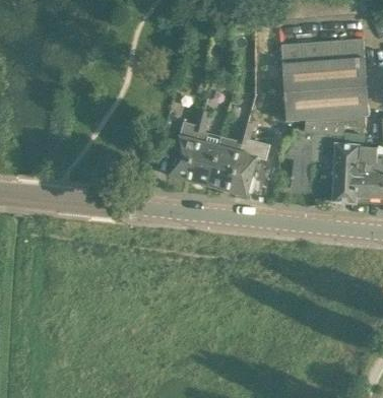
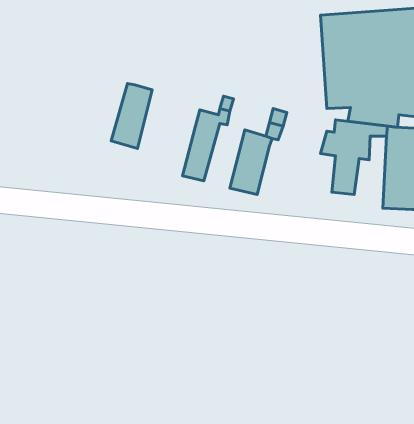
building: [185,132,218,185] -> [111,84,152,148]
building: [229,150,256,195] -> none

